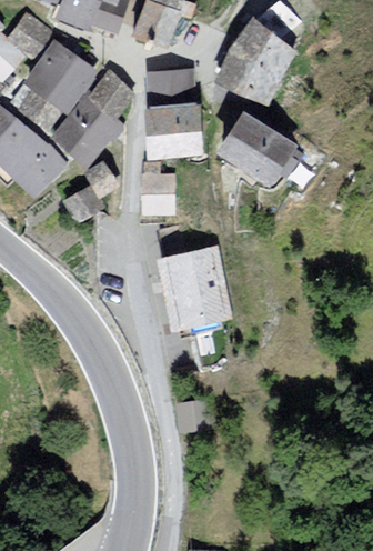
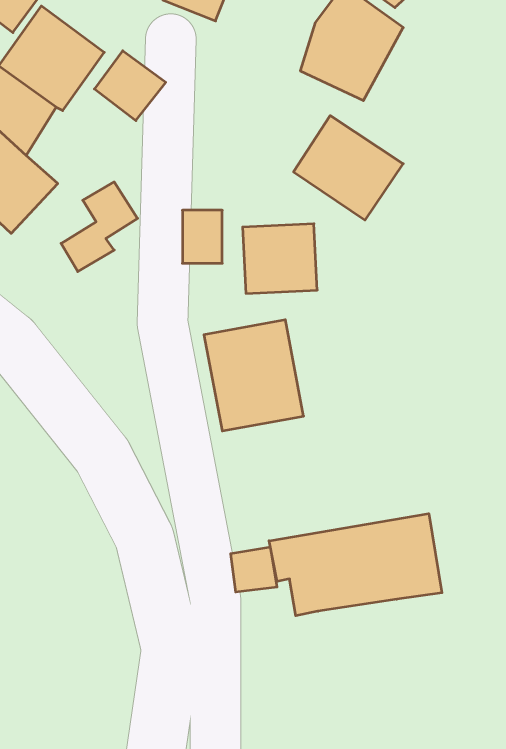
building: [153,73,192,100] -> none
building: [50,92,121,163] -> none
building: [150,107,200,153] -> [243,224,317,293]
building: none -> [269,514,442,616]

